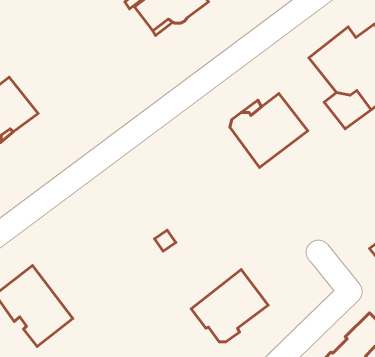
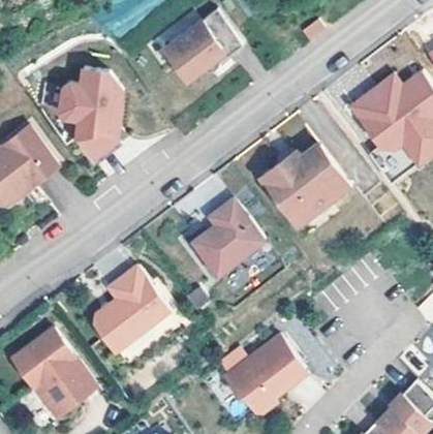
building: none -> [60,69,121,159]
building: none -> [191,198,265,276]
building: none -> [94,267,168,352]

